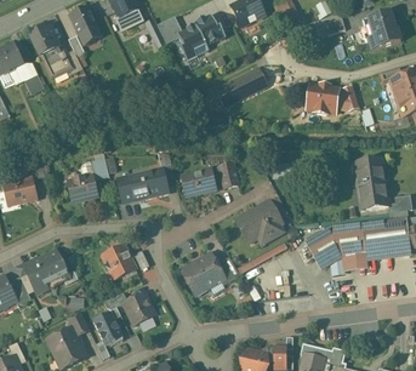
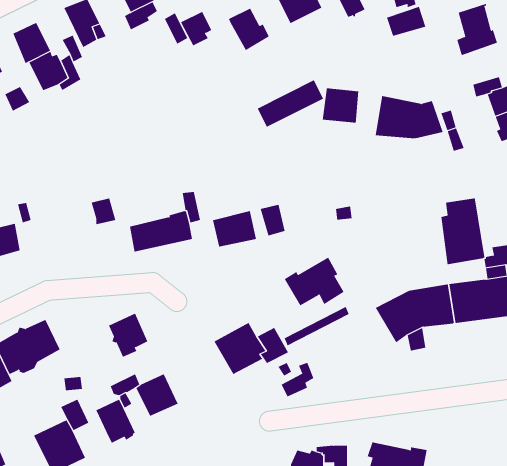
building: [177,24,209,59] -> none
building: none -> [322,87,359,123]
building: [67,173,98,201] -> none

